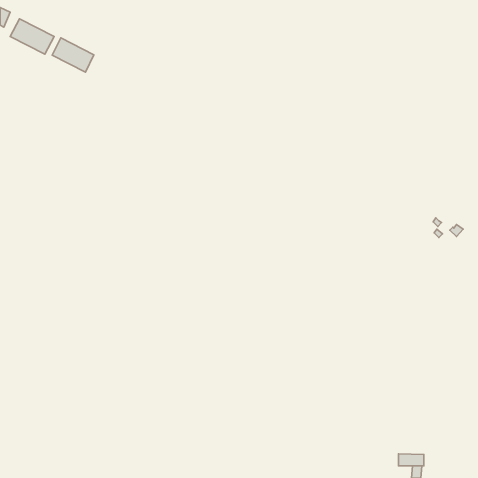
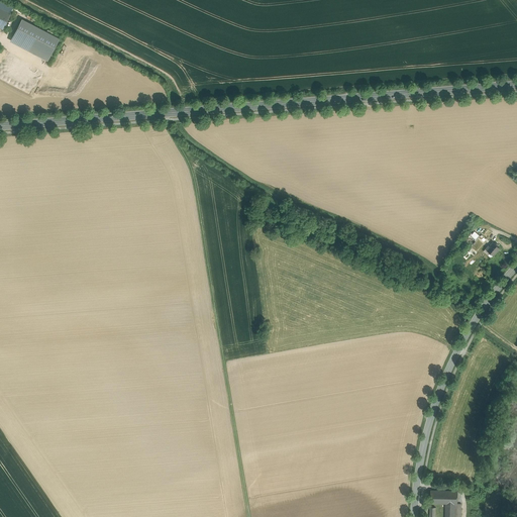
building: [52,38,94,72] -> none

